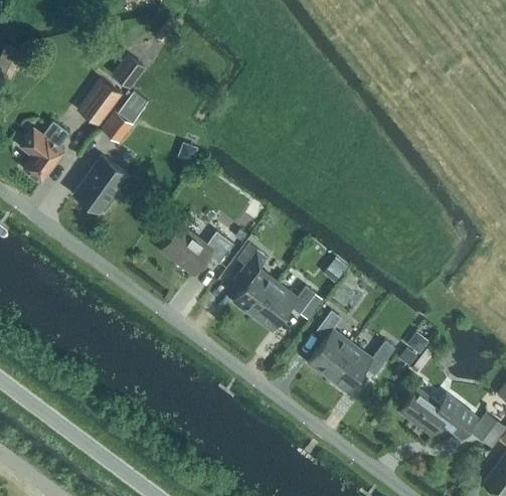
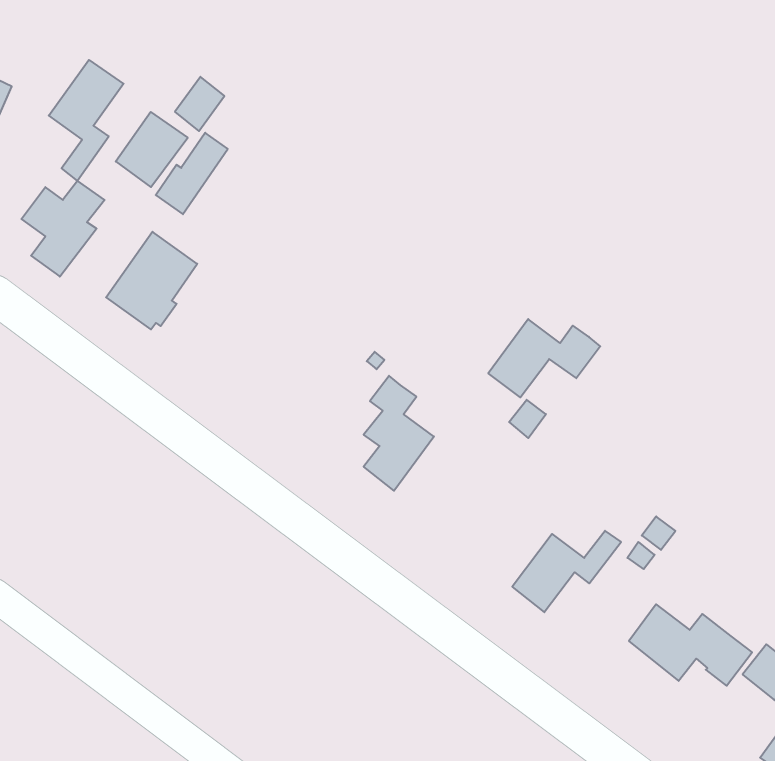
building: none -> [49,60,124,181]
building: [163,226,233,273] -> none
building: [252,282,323,331] -> [488,319,600,397]
building: [308,311,352,376] -> none

